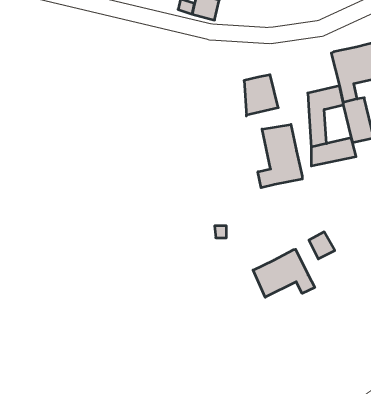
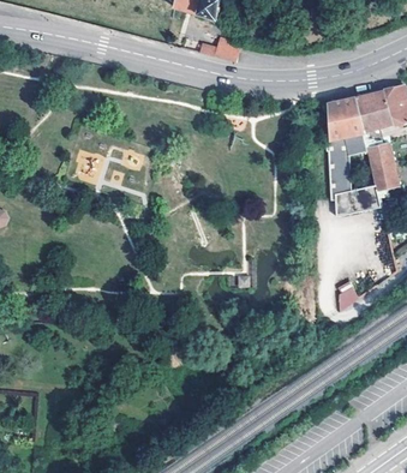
building: [244,75,278,116] -> [328,97,363,139]
building: [258,124,302,188] -> none
building: [253,249,315,297] -> none

